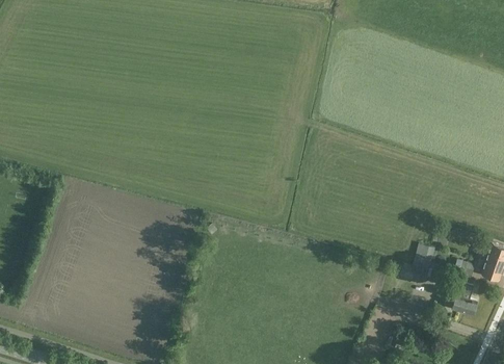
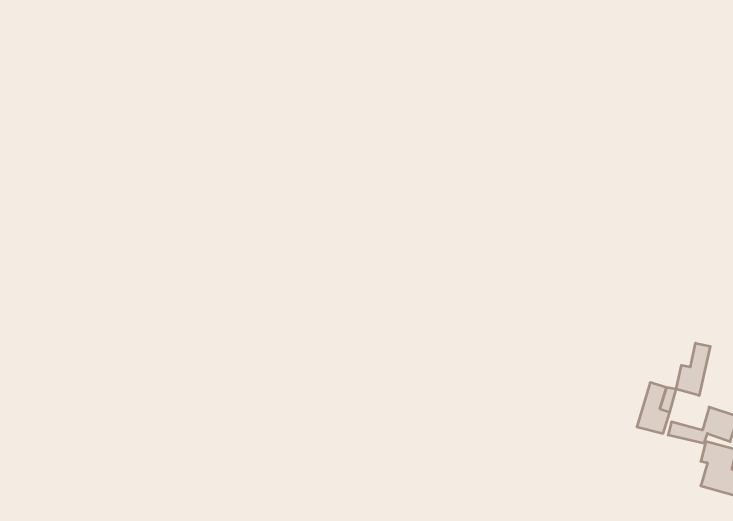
building: none -> [676,343,710,396]

